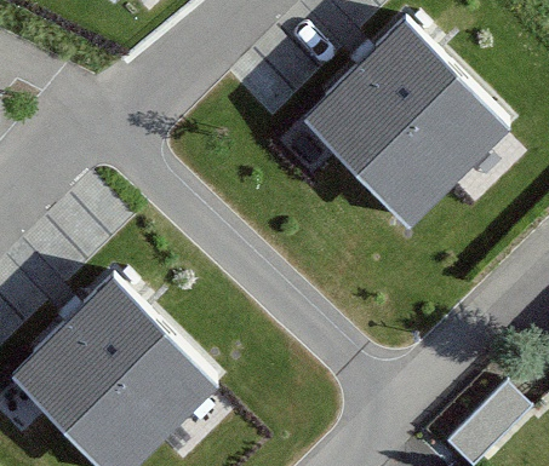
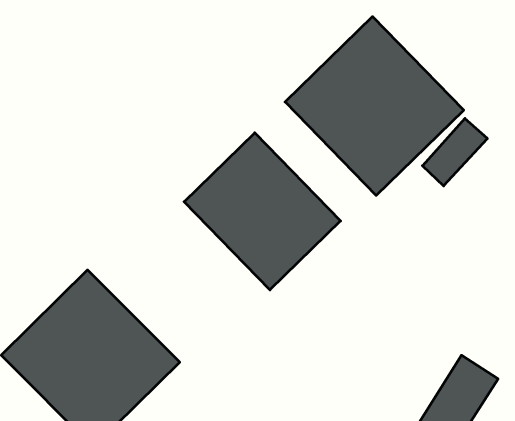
building: none -> [184,133,341,290]

